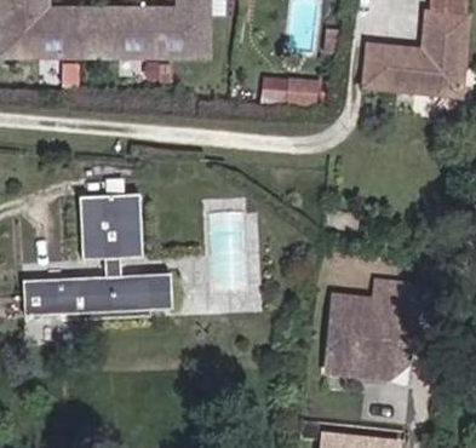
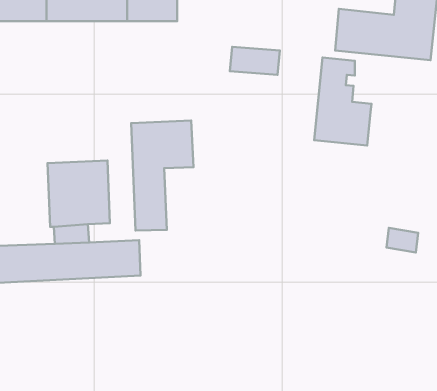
building: none -> [314,57,371,146]
building: none -> [131,121,194,230]
building: [327,281,414,377] -> none

